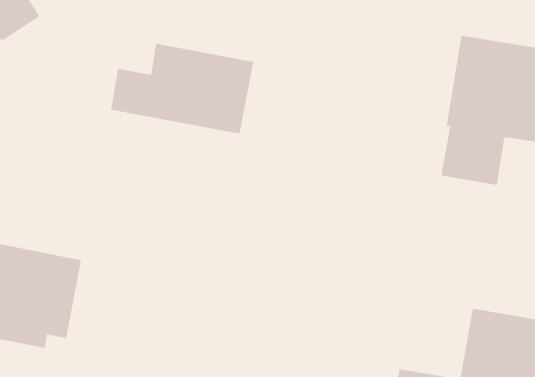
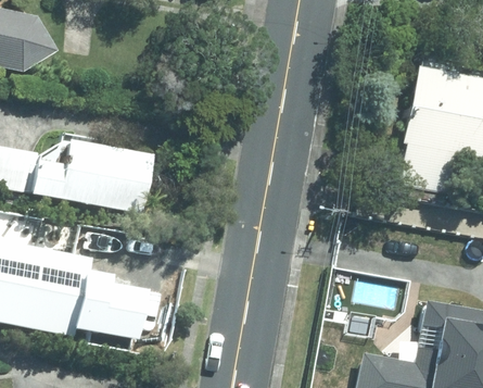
building: [110,43,254,134] -> [30,135,154,213]
building: none -> [84,299,138,351]

